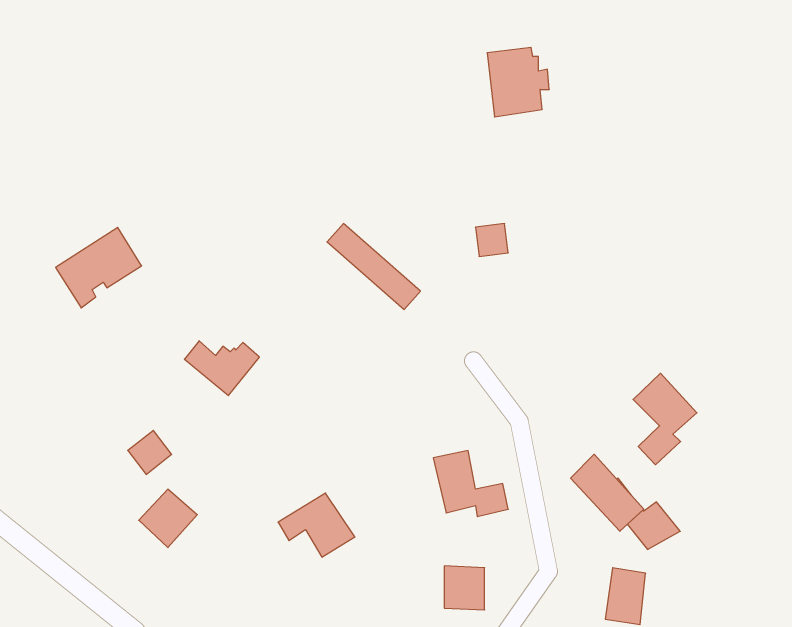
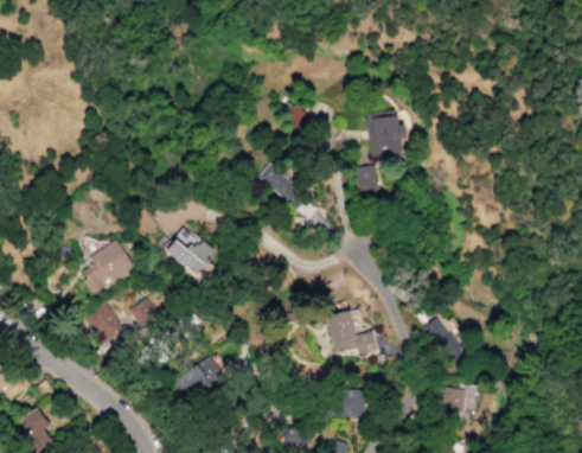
building: [487,47,549,117] -> [367,111,408,157]
building: [56,227,142,308] -> [78,243,134,295]
building: [633,373,697,465] -> none
building: none -> [84,305,124,345]
building: [278,493,355,557] -> [180,359,230,401]

